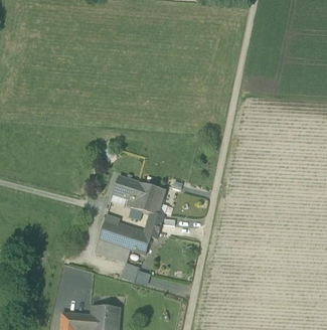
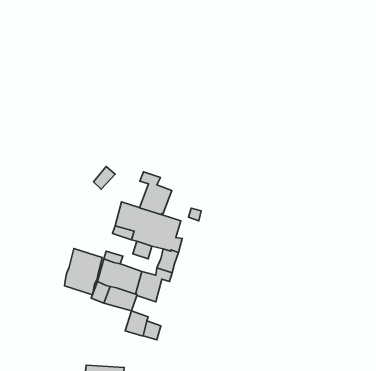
building: none -> [140,172,172,215]
building: none -> [64,248,102,295]

